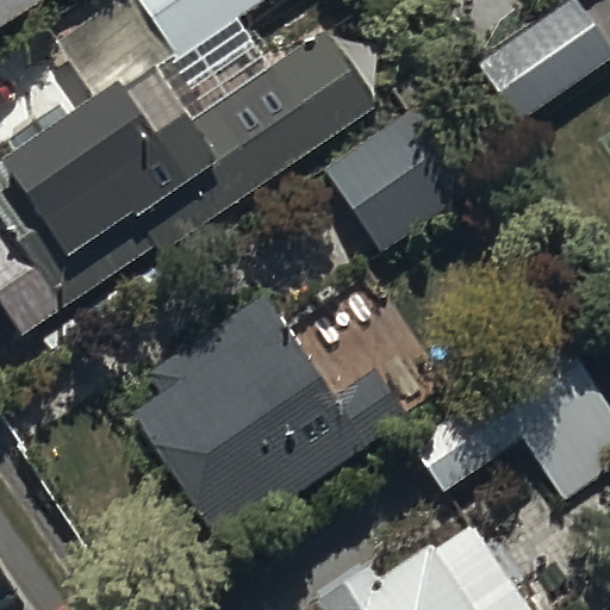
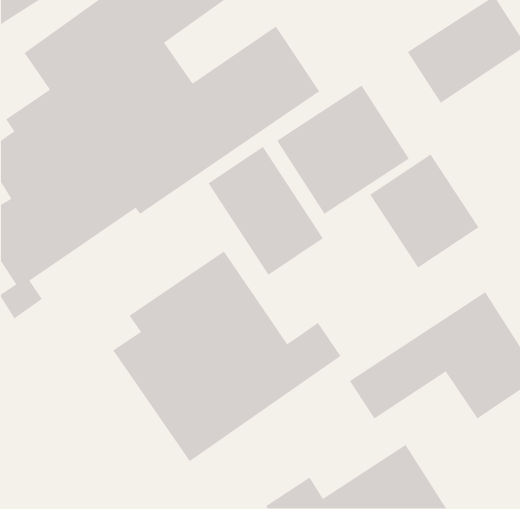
building: none -> [207,146,324,276]
building: none -> [369,153,479,268]

